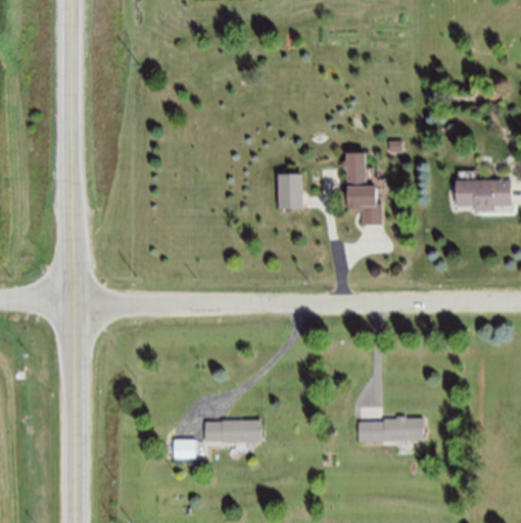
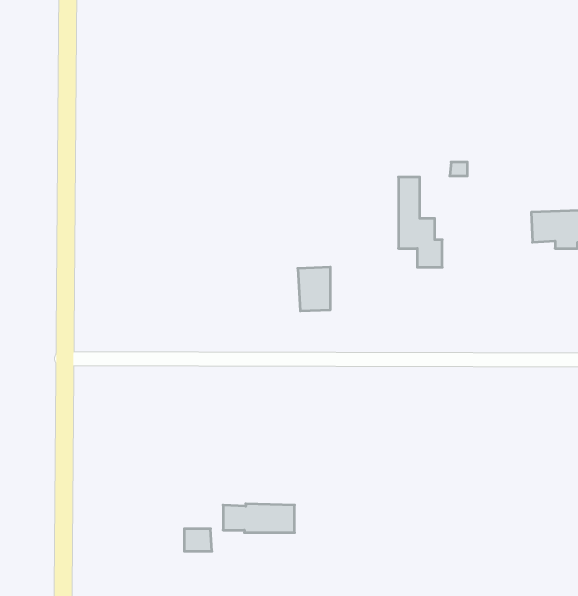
building: [276,174,302,209] -> [298,267,330,311]
building: [359,418,423,441] -> none

